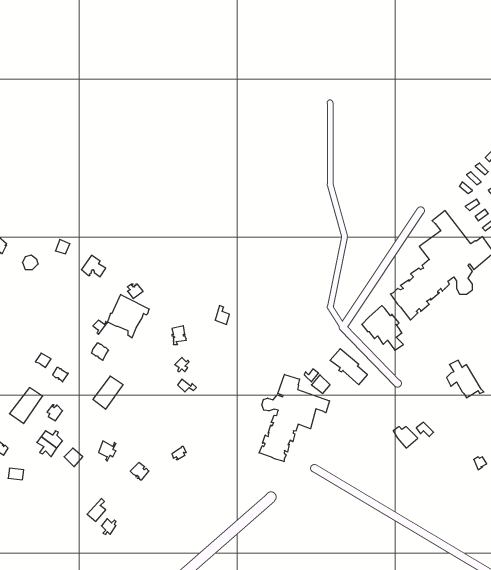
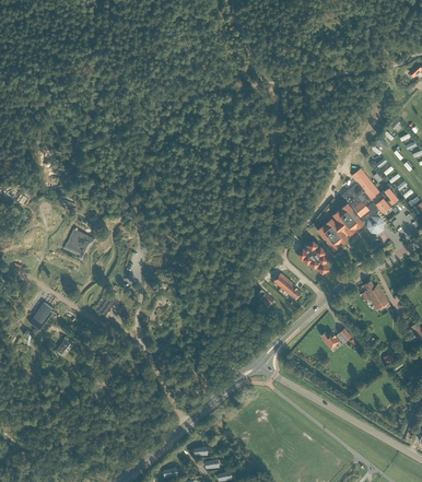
building: [108,295,149,338] -> [63,227,95,260]
building: [259,374,330,462] -> none

